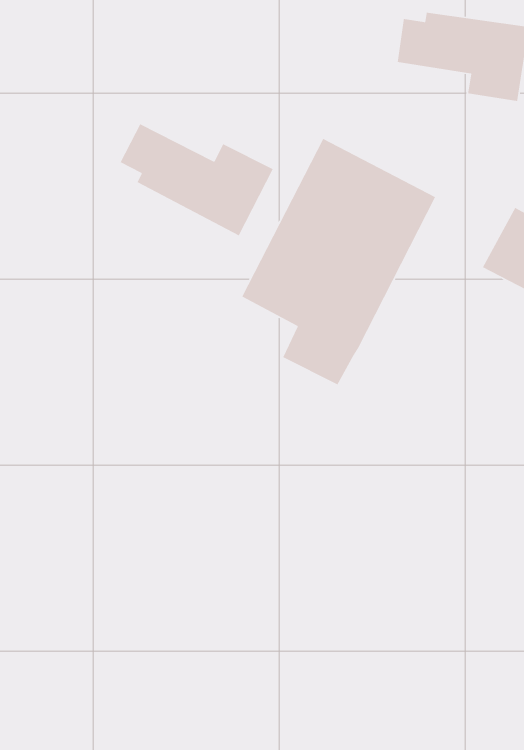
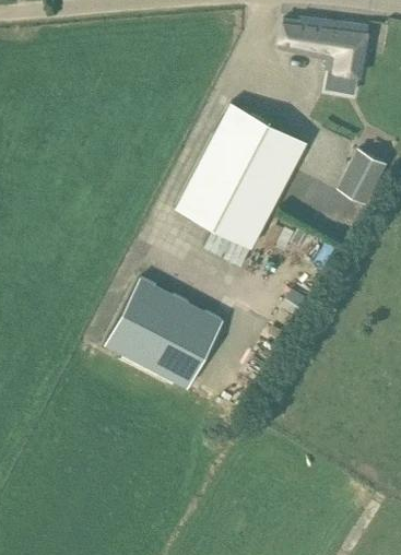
building: [119,123,274,236] -> none
building: none -> [104,278,222,388]

